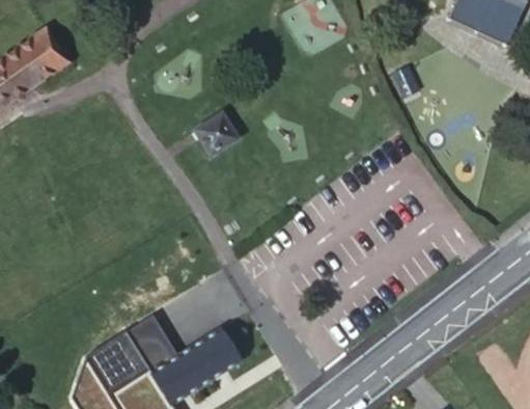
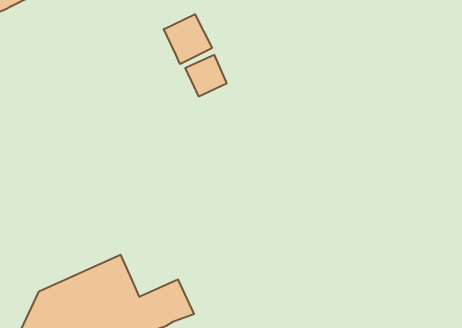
building: none -> [164,14,212,64]

